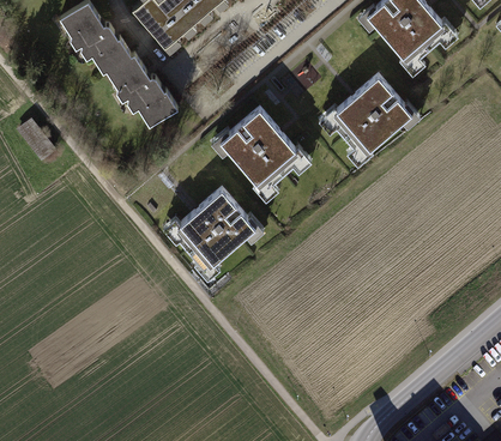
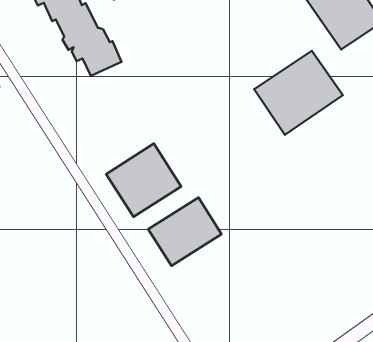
building: [219,108,300,188] -> none
building: none -> [148,197,222,266]

